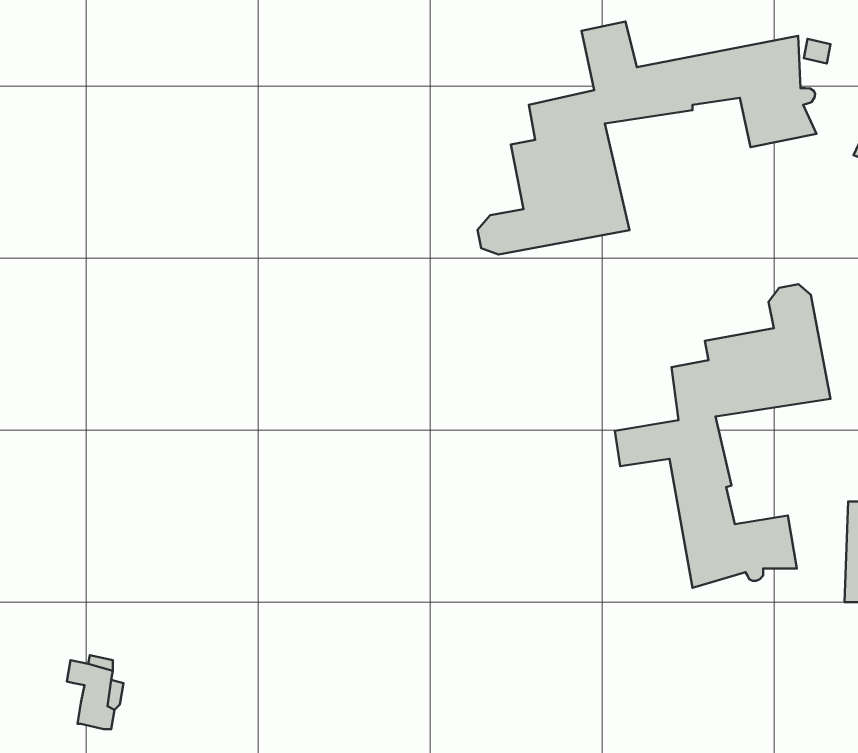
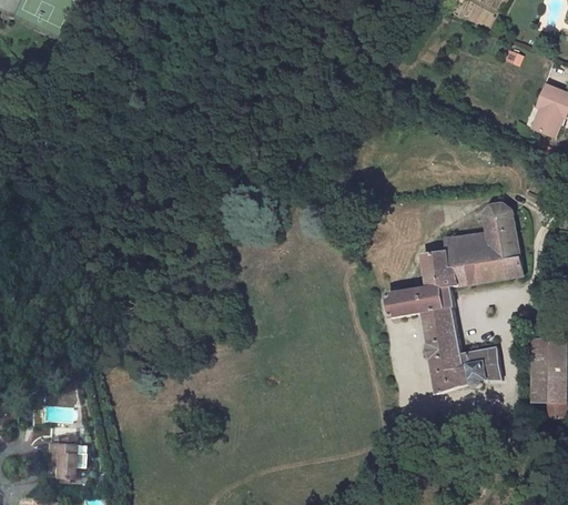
building: [477,21,817,255] -> none

